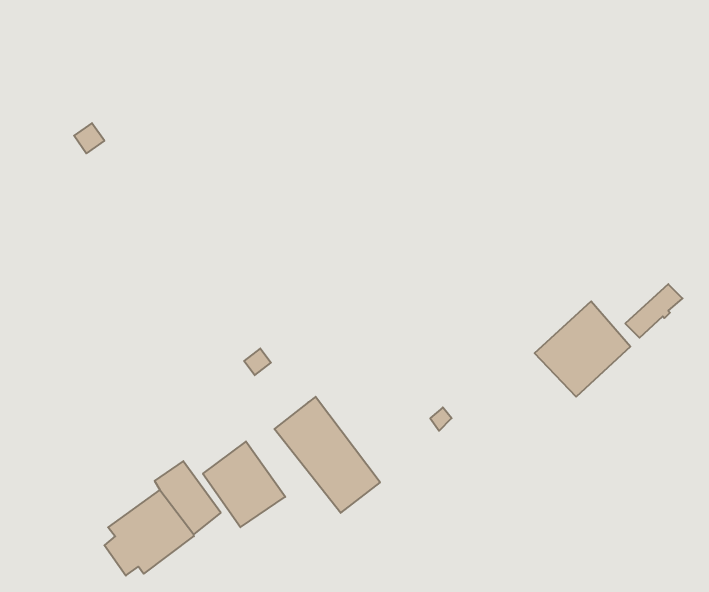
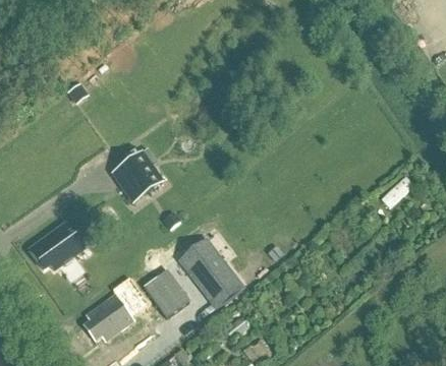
building: none -> [114,151,161,199]
building: [535,301,630,397] -> none
building: none -> [31,221,98,269]

